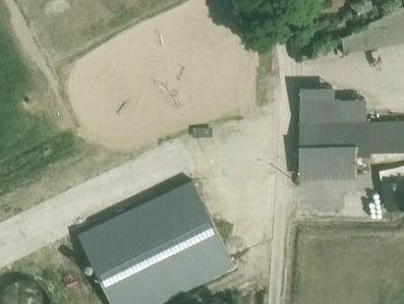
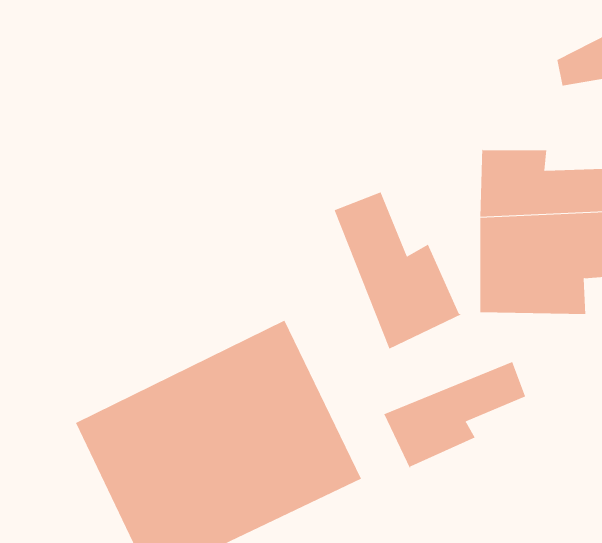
building: none -> [334,191,462,349]
building: none -> [383,361,526,469]

